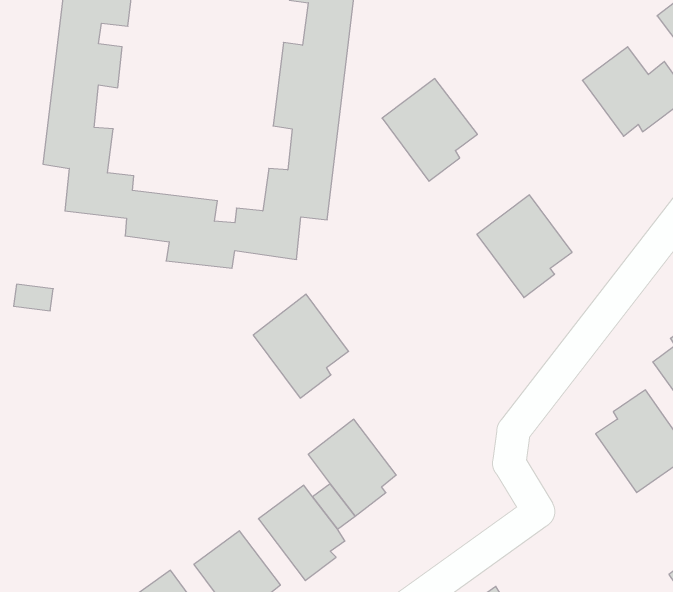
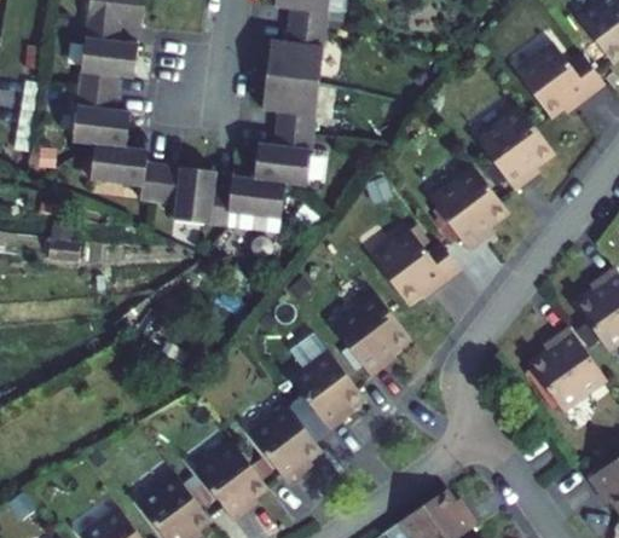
building: [382,79,477,181] -> [476,106,555,191]
building: none -> [372,230,462,303]
building: [253,294,349,398] -> [332,291,411,377]

